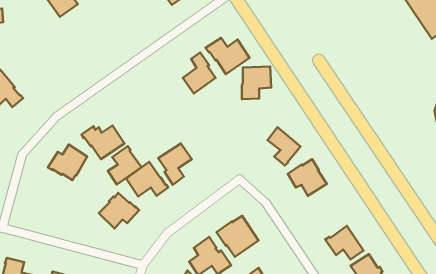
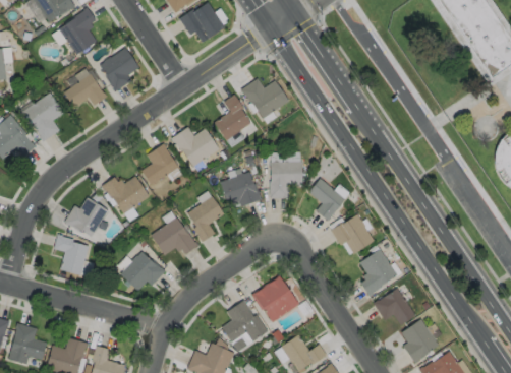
building: none -> [99,47,138,91]
building: none -> [63,73,107,107]
building: none -> [24,92,63,141]
building: [242,66,271,99] -> [270,162,302,198]
building: none -> [170,127,219,167]
building: none -> [220,172,262,206]
building: [108,146,141,185] -> [140,143,178,186]
building: none -> [54,234,89,274]
building: none -> [359,248,397,297]

